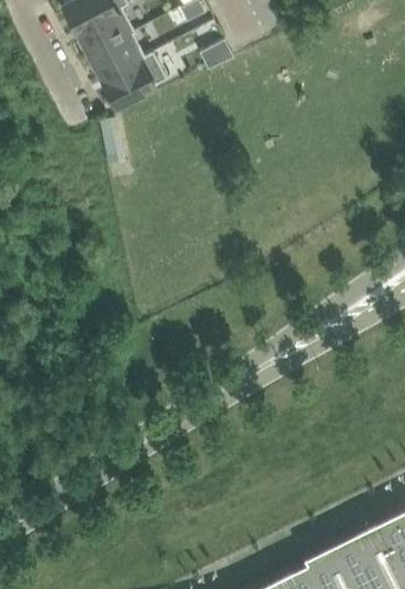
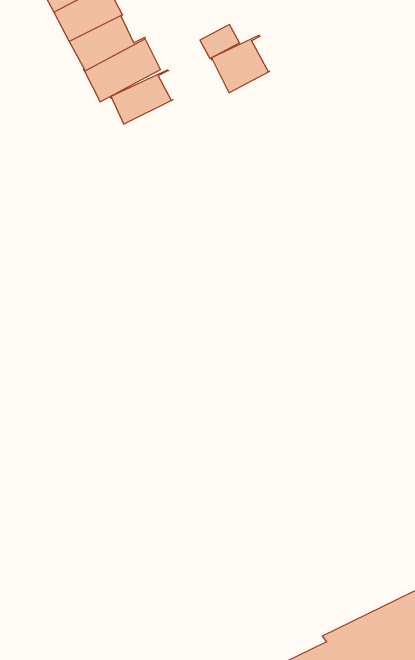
building: none -> [211,35,270,93]
building: none -> [111,70,173,124]

